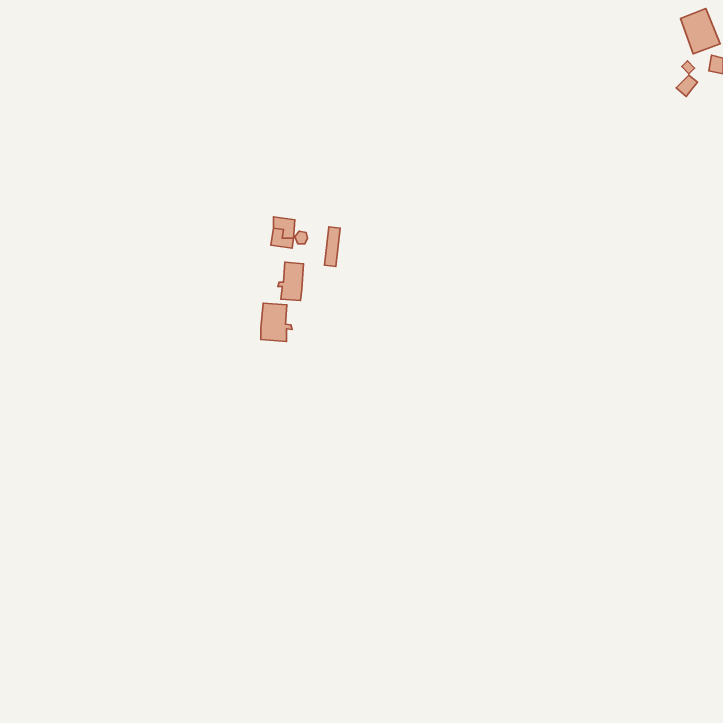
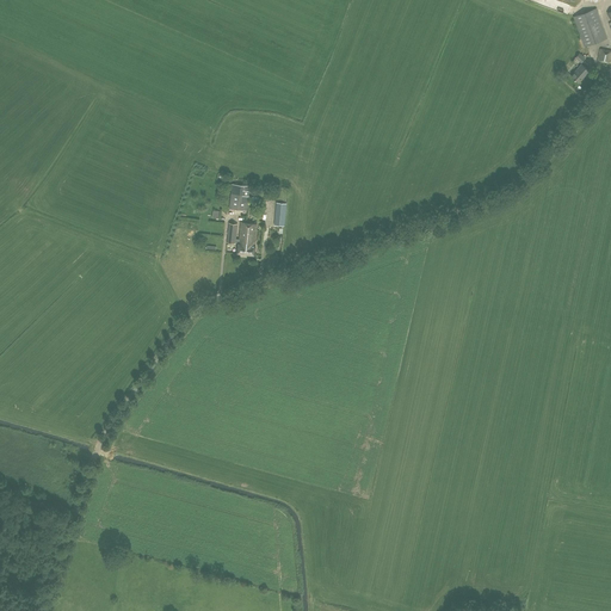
building: [261,303,292,341] -> none

